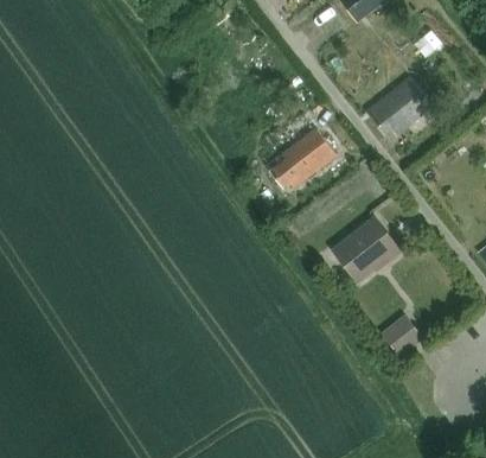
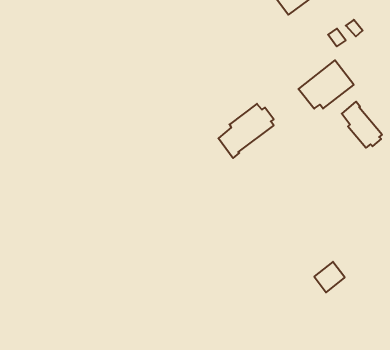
building: none -> [342,102,382,148]
building: [333,218,399,282] -> none

